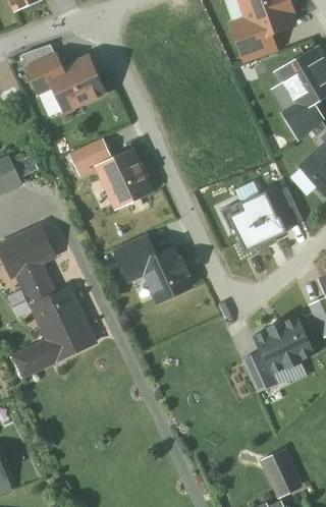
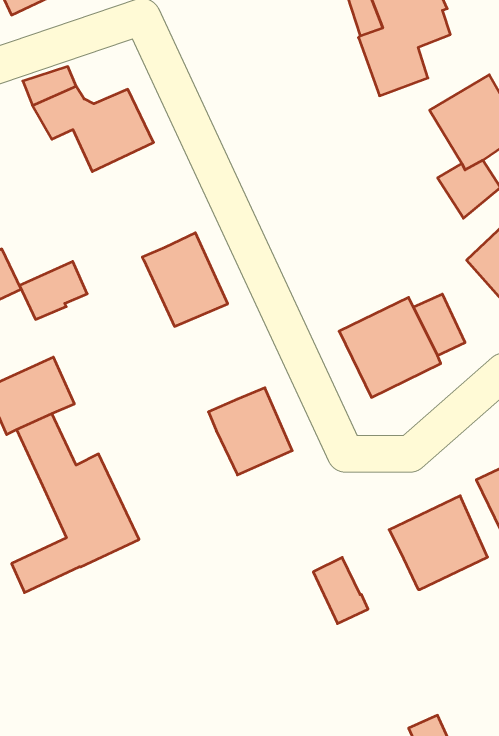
building: [68,137,111,174] -> [19,261,87,319]
building: [112,233,157,281] -> none
building: [241,350,276,392] -> [313,557,368,624]

